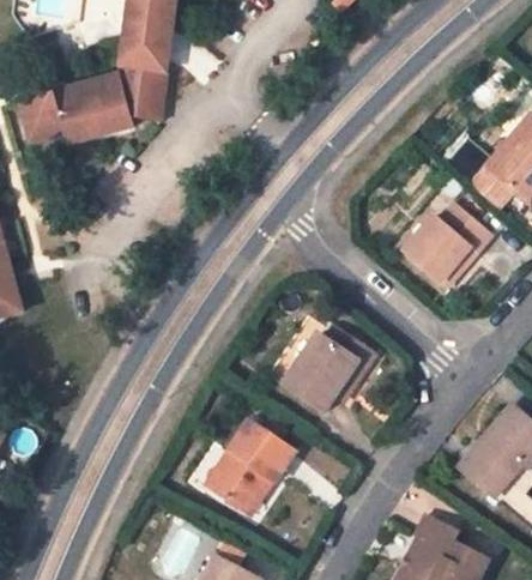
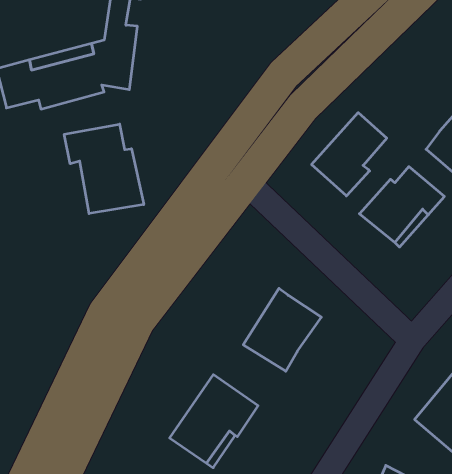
building: none -> [312,113,387,196]
building: none -> [64,124,144,214]
building: [325,325,375,400] -> none

